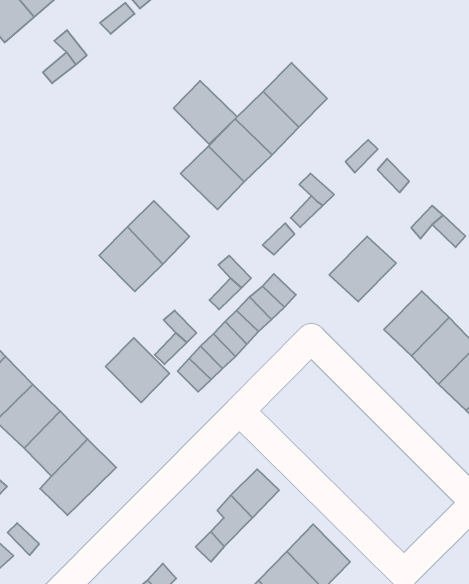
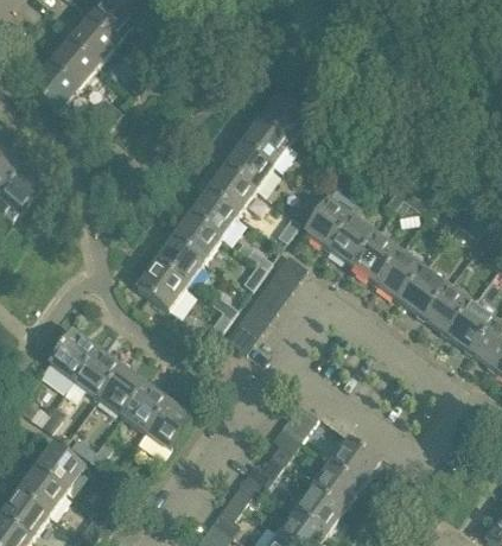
building: [174,81,237,144] -> [189,190,237,236]
building: none -> [305,197,352,248]
building: none -> [354,231,400,282]
building: [106,338,169,402] -> [136,261,185,309]

